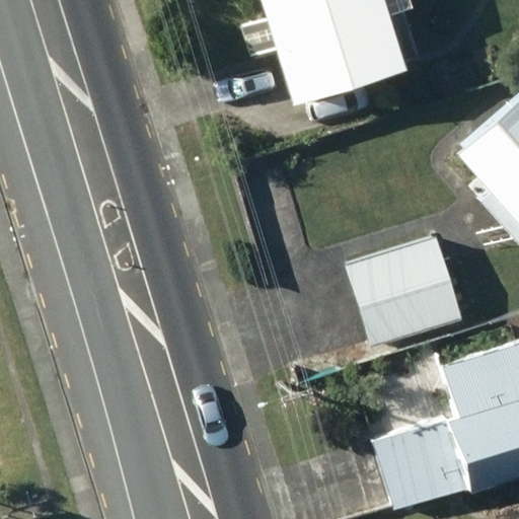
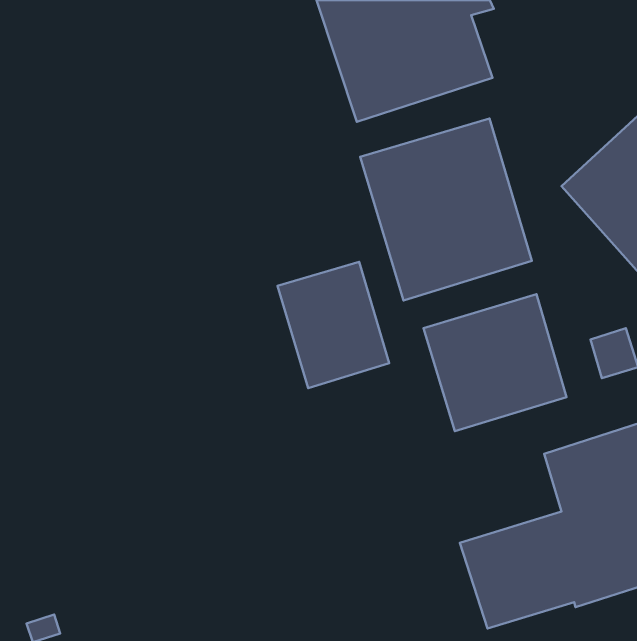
building: none -> [360,119,532,300]
building: none -> [277,262,389,388]

